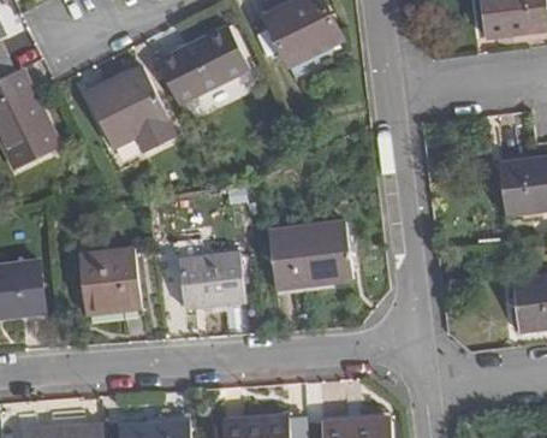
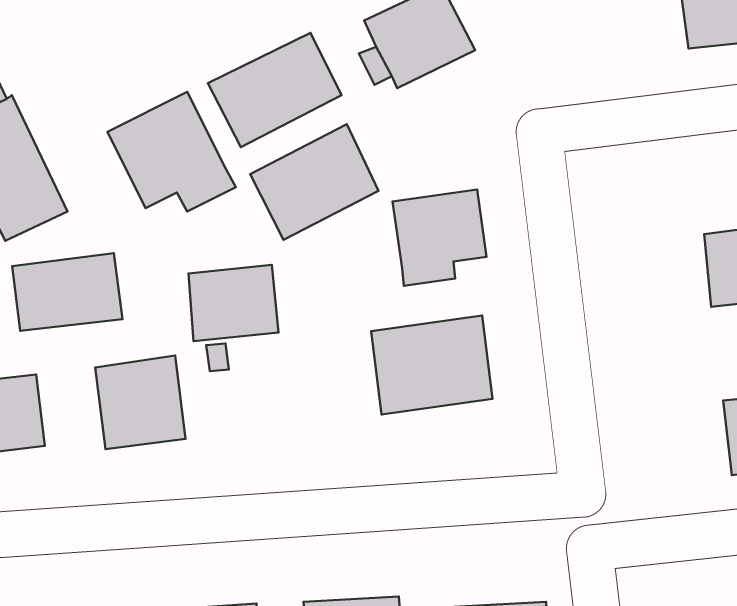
building: none -> [250,124,378,240]
building: none -> [393,190,487,286]
building: none -> [12,253,123,331]
building: [182,254,244,307] -> [188,265,279,341]

